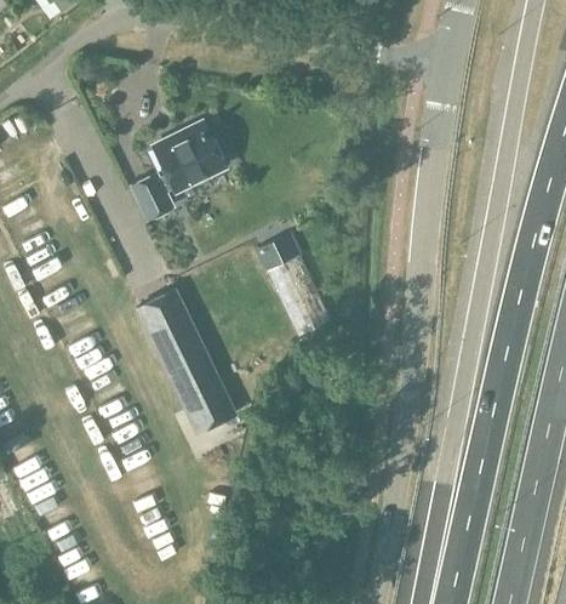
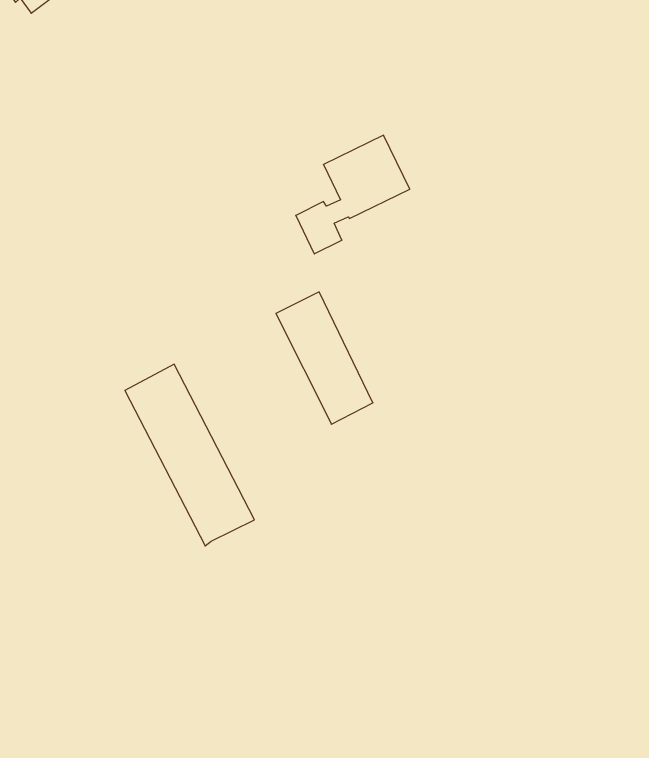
building: [132,122,222,216] -> [296,135,410,254]

